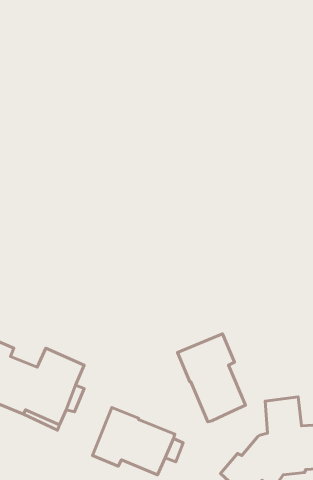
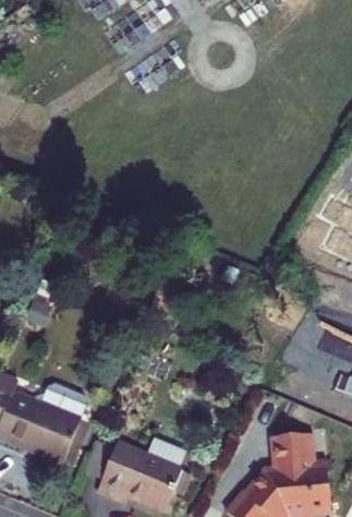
building: [178,334,245,422] -> none

